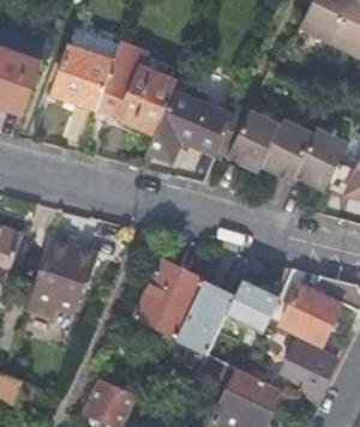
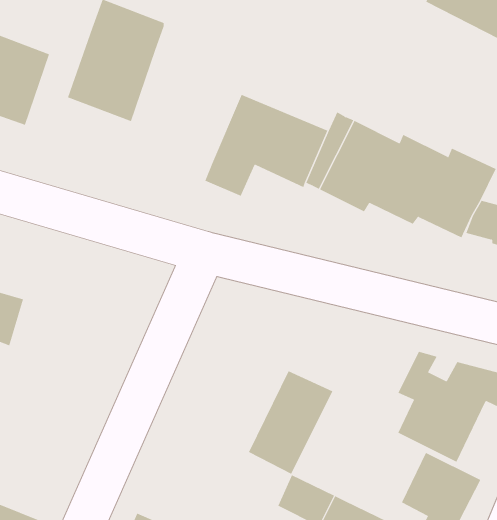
building: [96,44,176,139] -> none
building: [26,231,98,318] -> none
building: [134,260,204,338] -> none
building: [226,281,280,333] -> none

